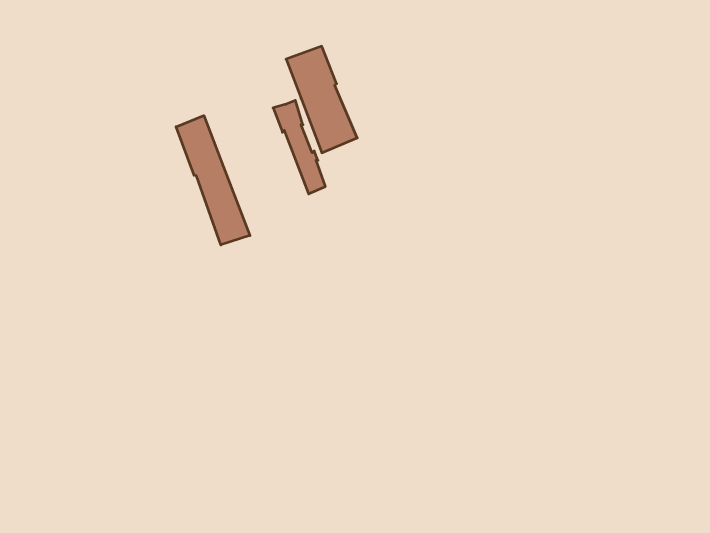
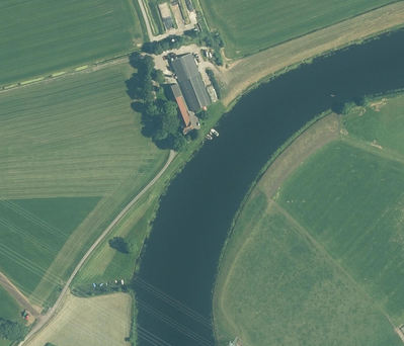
building: [176,116,250,245] -> none

